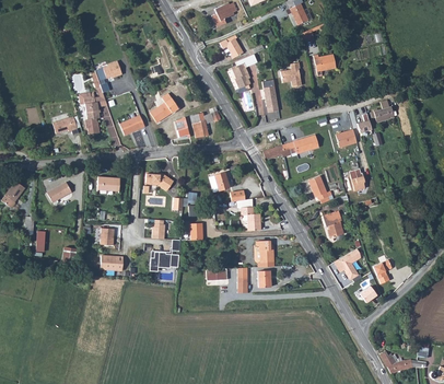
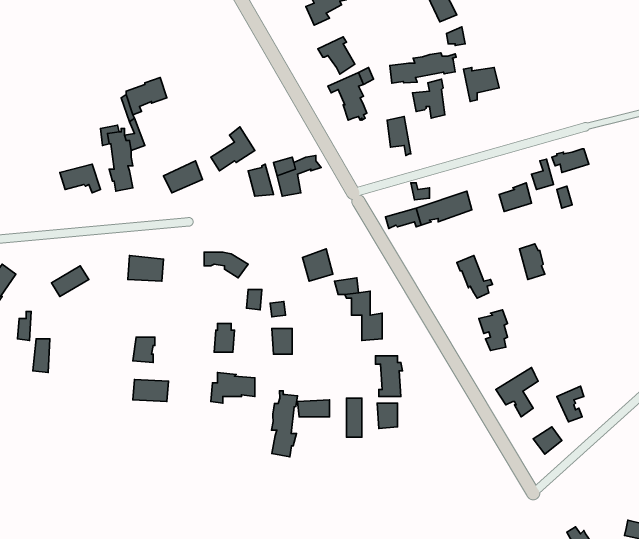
building: none -> [390,53,456,83]
building: none -> [271,391,297,457]

